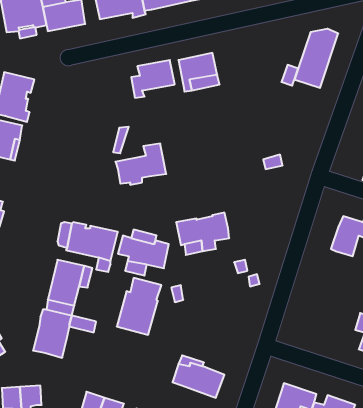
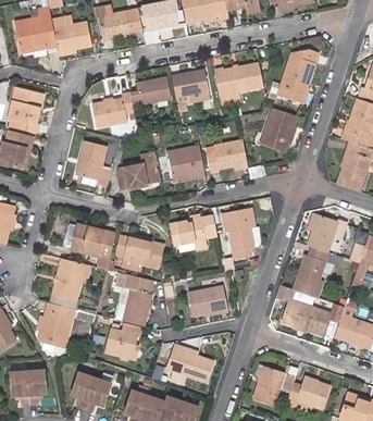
building: none -> [213,64,262,104]
building: none -> [91,92,133,126]
building: none -> [263,109,295,143]
building: none -> [206,137,247,169]
building: none -> [78,140,112,186]
building: none -> [166,144,206,176]
building: none -> [222,207,254,258]
building: none -> [295,247,328,298]
building: none -> [189,285,228,314]
building: none -> [283,302,328,337]
building: none -> [108,323,142,358]

